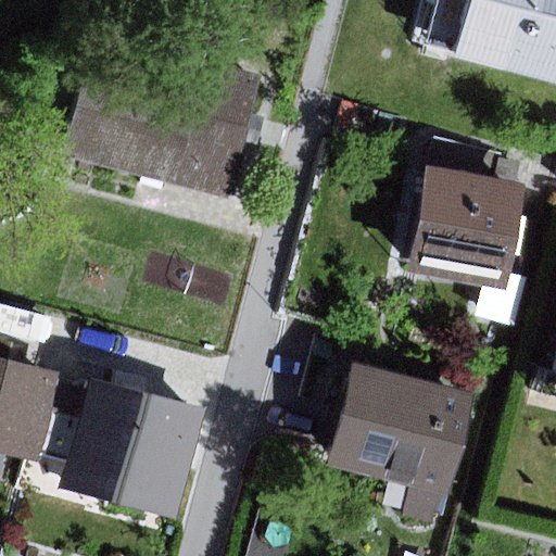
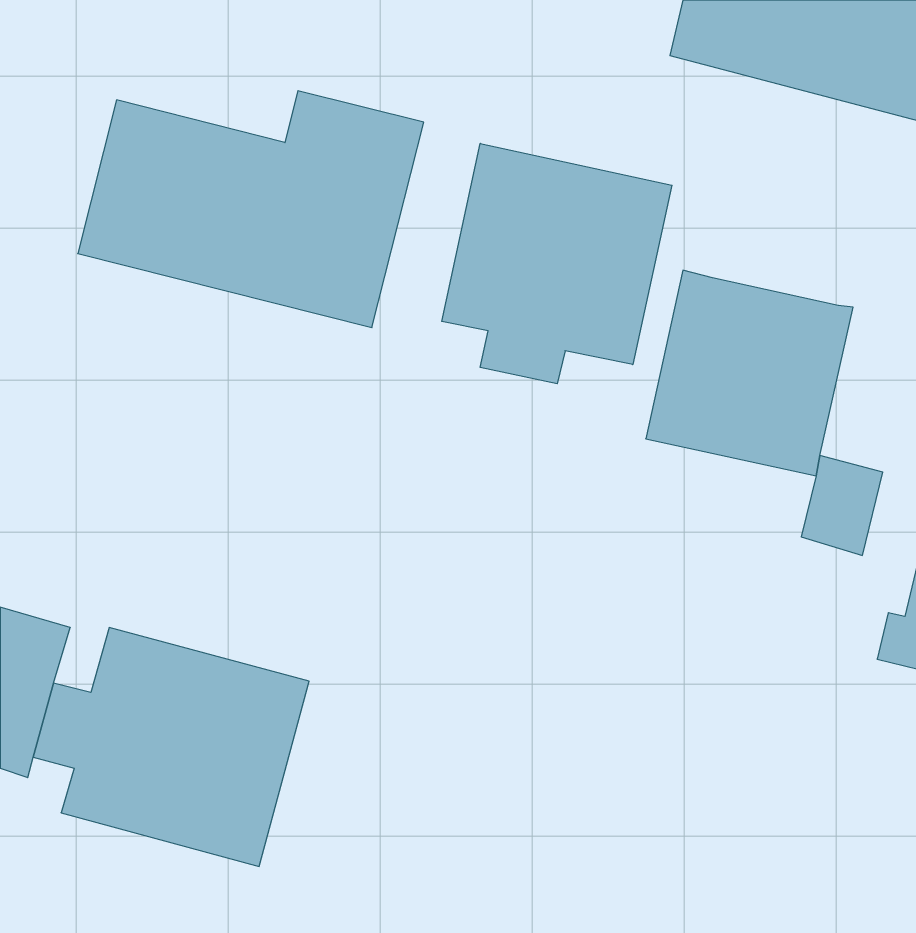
building: none -> [442,143,672,384]
building: [317,363,476,502] -> none

